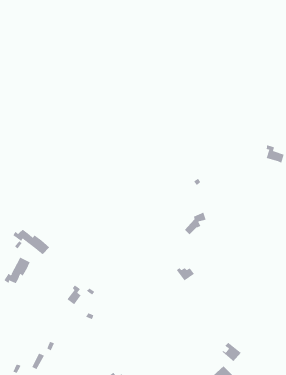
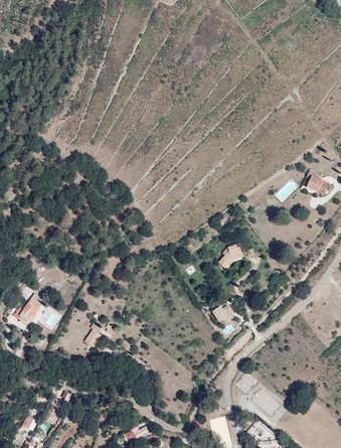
building: [12,229,50,255] -> none

